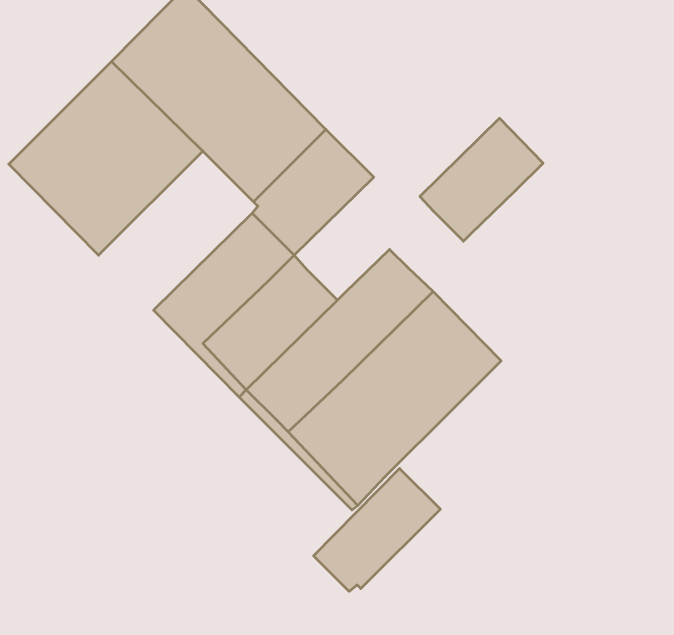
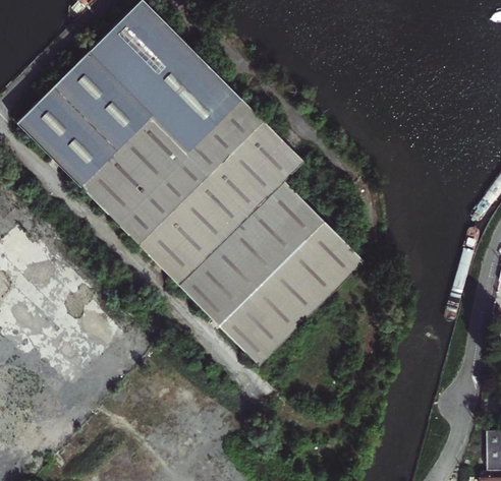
building: [420,118,543,241] -> [218,131,304,218]
building: none -> [80,113,192,225]
building: [314,468,440,591] -> none

